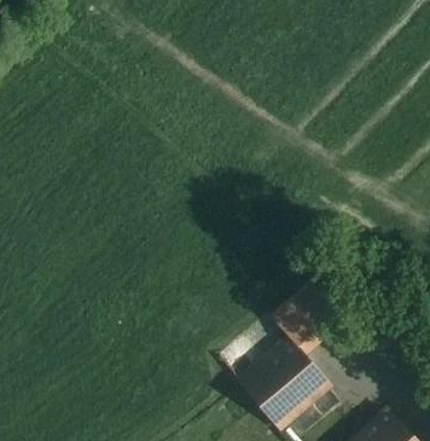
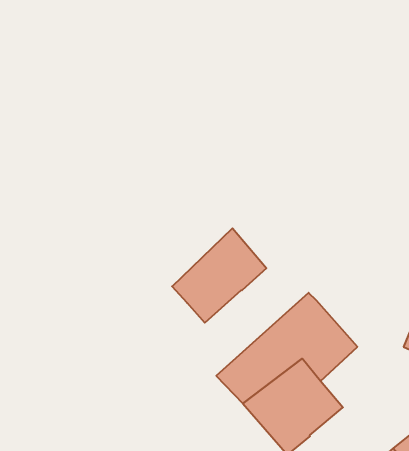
building: none -> [172,228,266,323]

